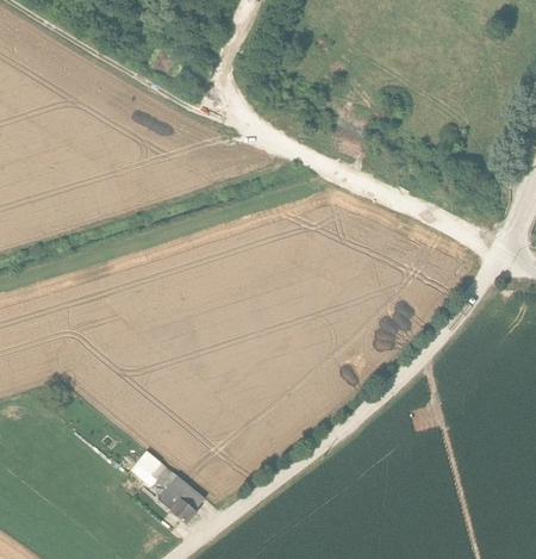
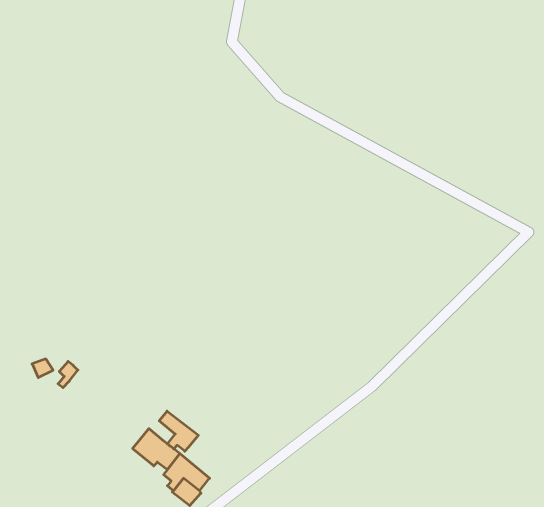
building: none -> [159,411,198,451]

